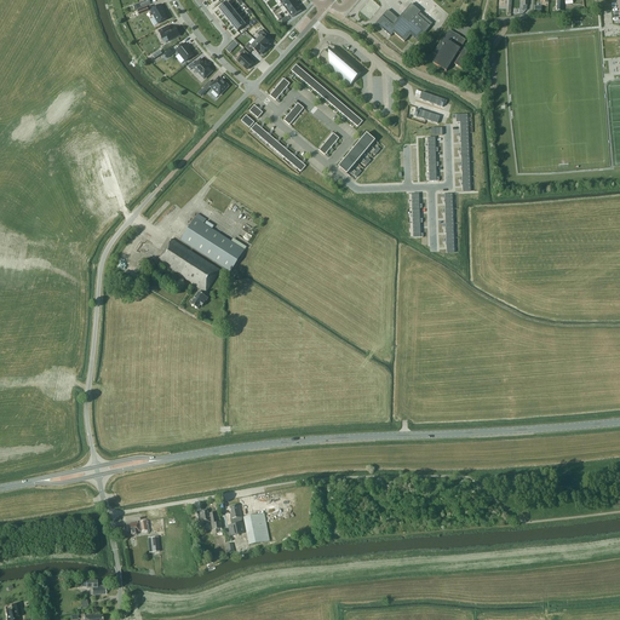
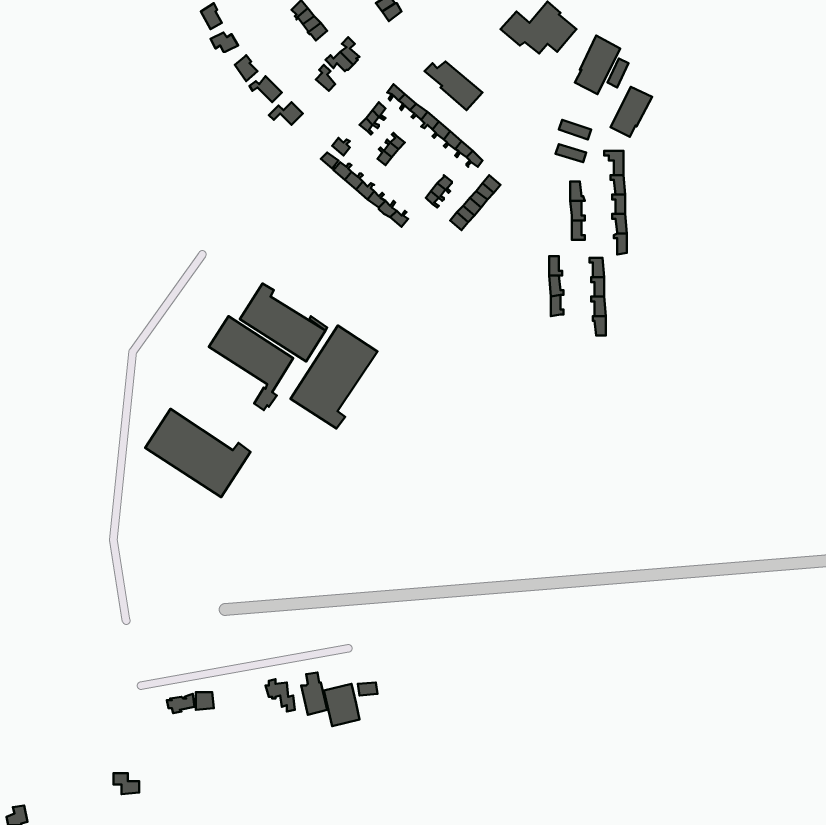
building: none -> [611,87,652,137]
building: none -> [290,326,378,429]
building: none -> [145,409,251,497]

